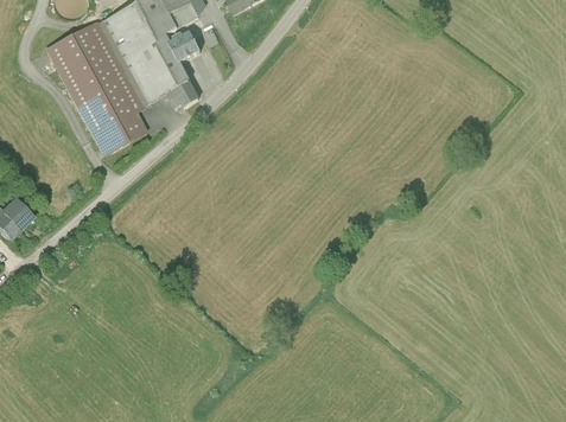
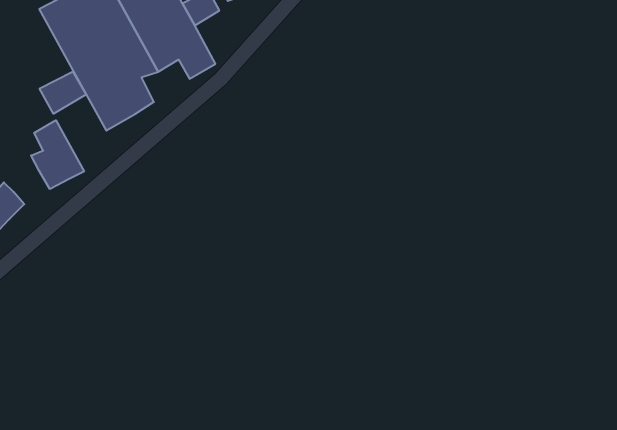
building: none -> [40,72,86,114]
building: none -> [31,120,84,189]

